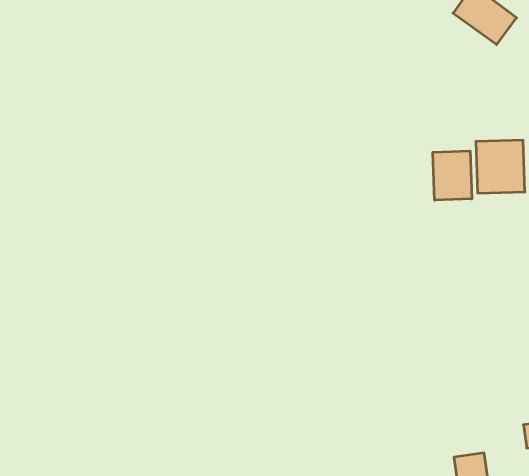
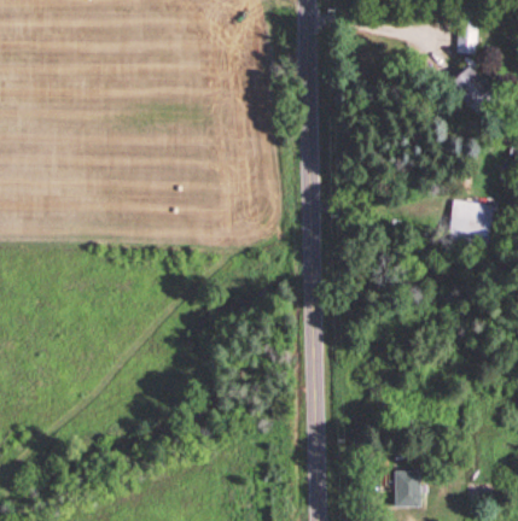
building: [433,151,472,200] -> none

